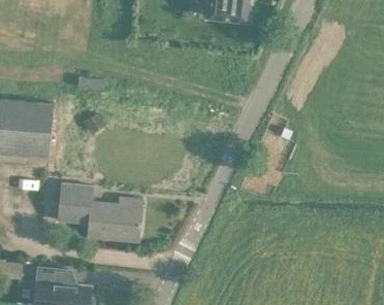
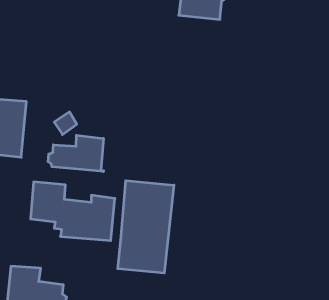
building: none -> [48,135,104,172]
building: none -> [118,181,174,273]

